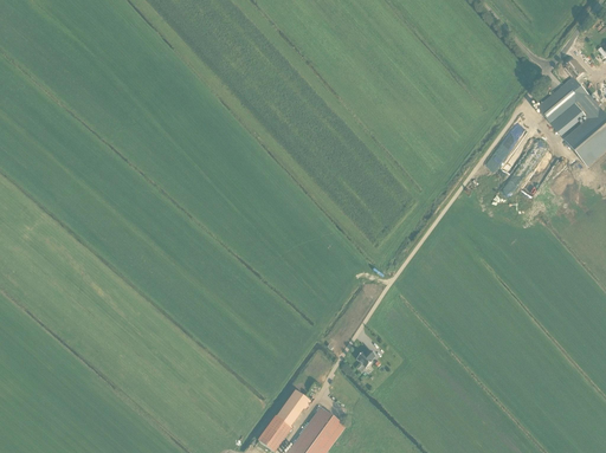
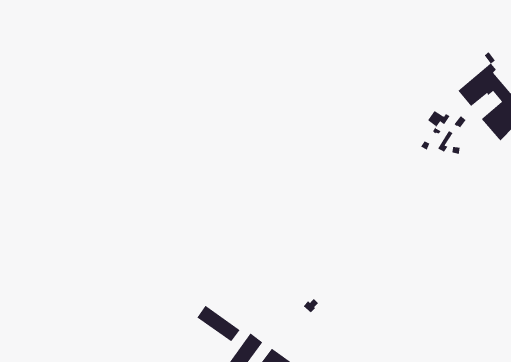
building: none -> [197,305,240,342]

